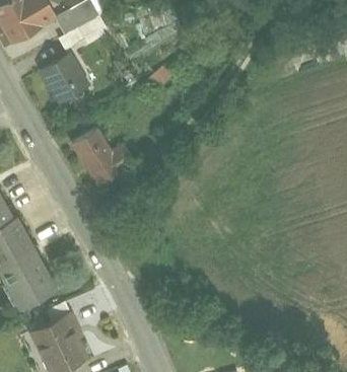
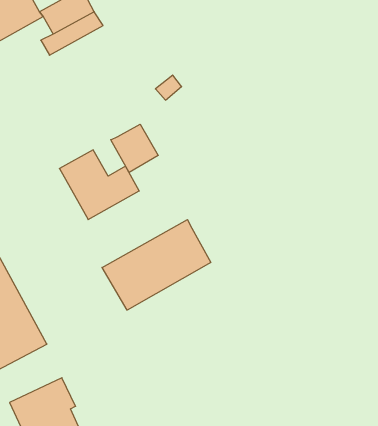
building: [36,50,89,104] -> none
building: none -> [111,124,158,172]
building: none -> [102,220,211,310]

